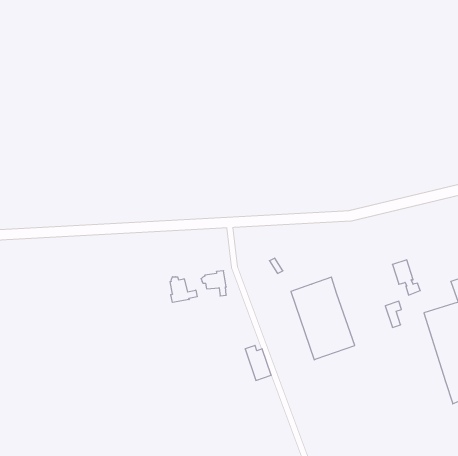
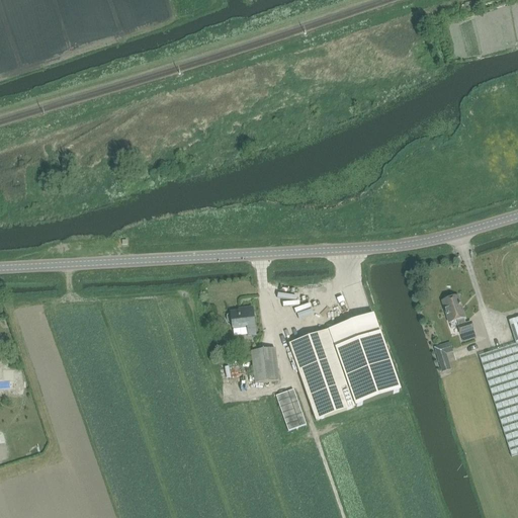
building: [170,277,197,302] -> none
building: none -> [289,328,355,418]
building: none -> [252,345,280,380]

